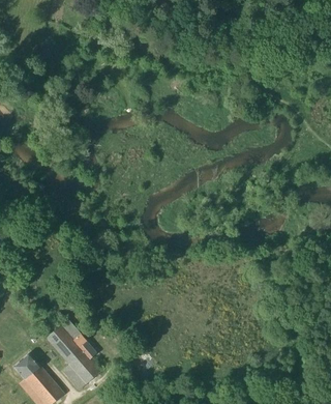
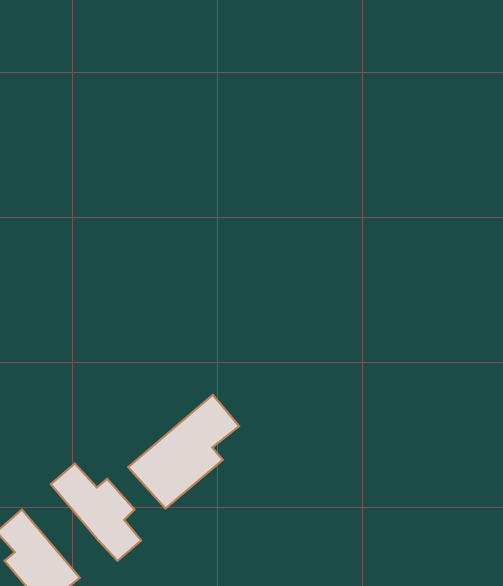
building: none -> [128,395,239,509]

